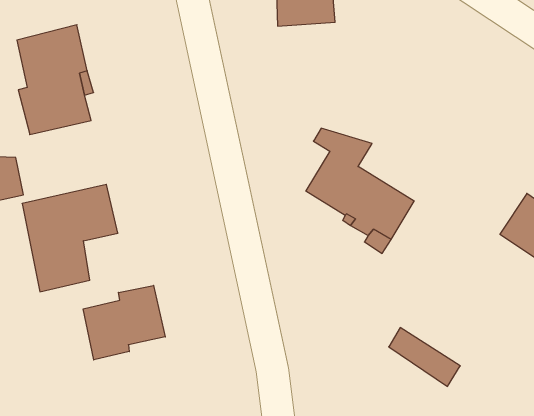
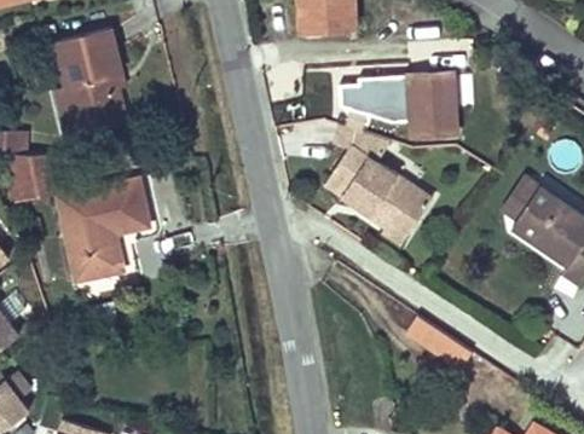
building: none -> [358,74,456,135]
building: [83,285,165,360] -> none

